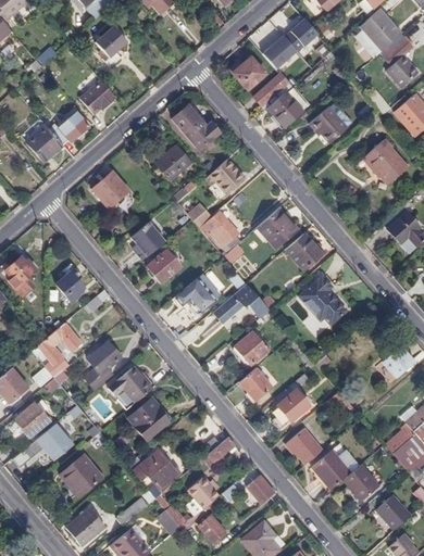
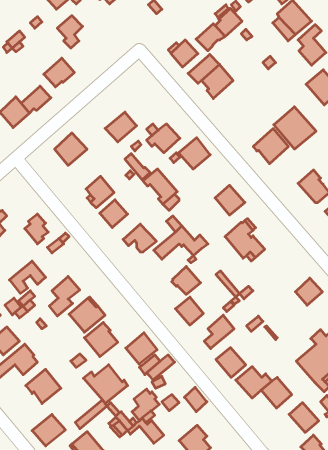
building: [310,102,352,144] -> [253,129,288,164]
building: [169,103,216,148] -> none
building: [257,206,295,244] -> [179,138,210,169]
building: none -> [126,333,157,364]

